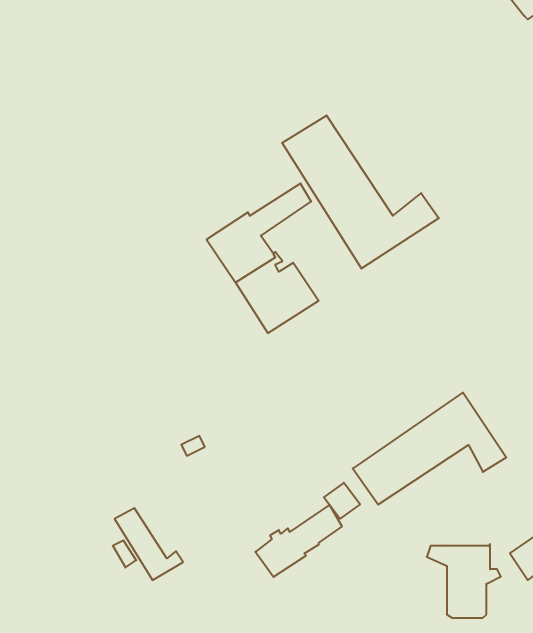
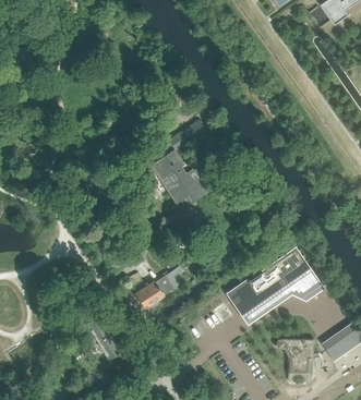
building: [282,115,439,269] -> none
building: [255,505,342,577] -> [134,267,186,311]

